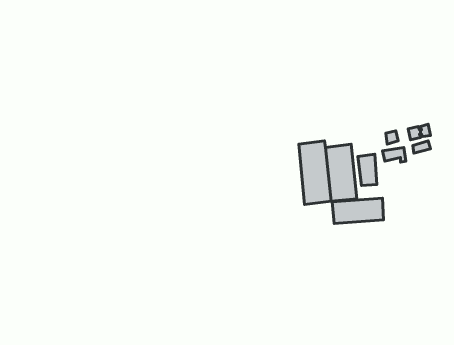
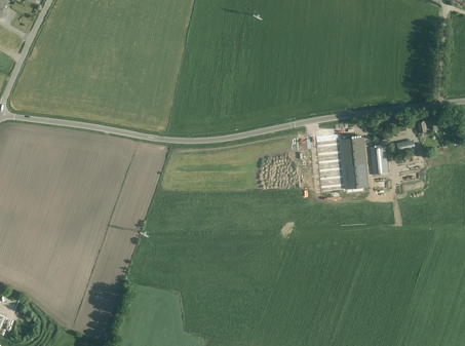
building: [332,198,383,224] -> none

